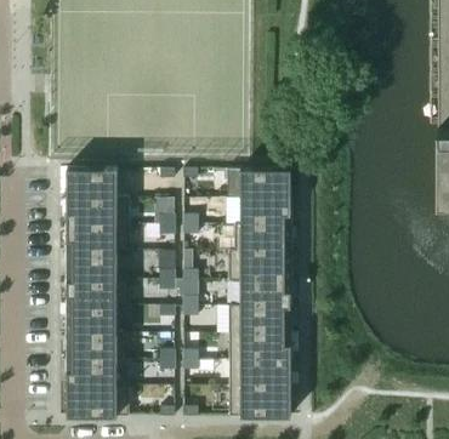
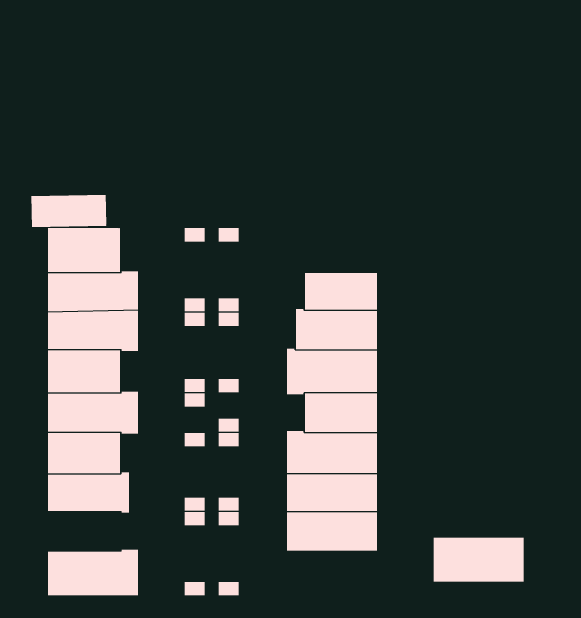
building: none -> [31,194,107,228]
building: [226,169,289,199] -> none
building: [66,360,115,387] -> none
building: [227,387,289,417] -> [433,537,524,582]

